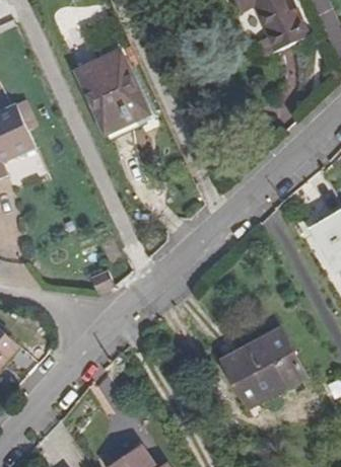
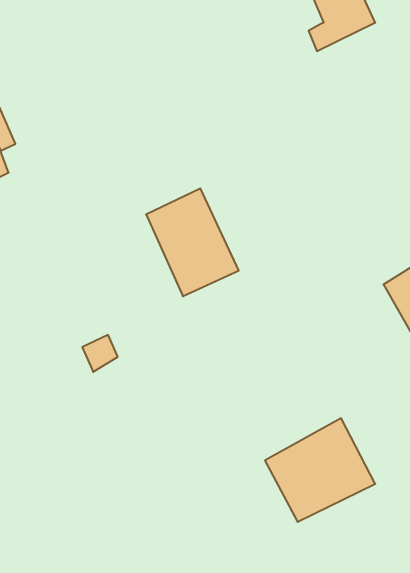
building: [77,51,146,131] -> [146,189,239,296]

